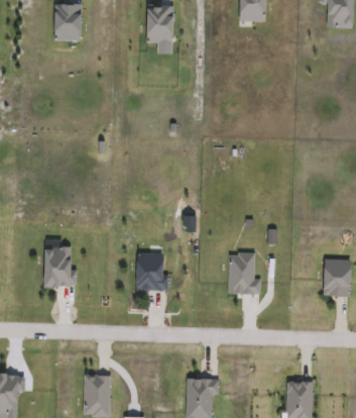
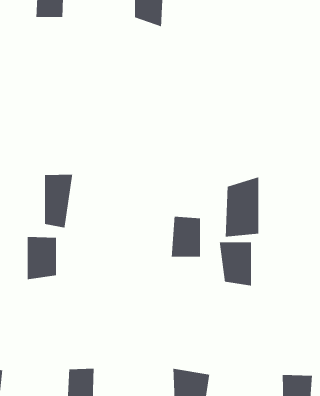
building: none -> [44,174,73,229]
building: none -> [225,176,259,238]
building: [134,252,162,292] -> [171,216,201,258]

